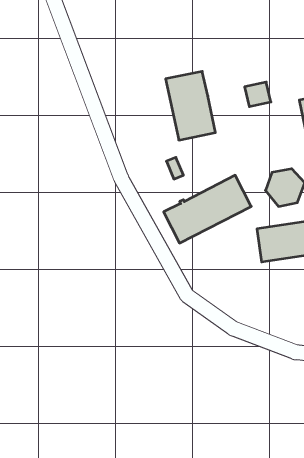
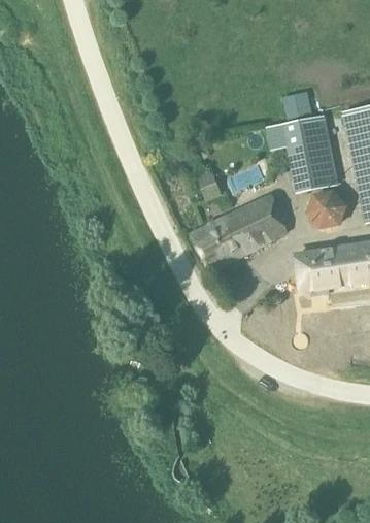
building: [166,71,215,140] -> [282,116,337,191]

